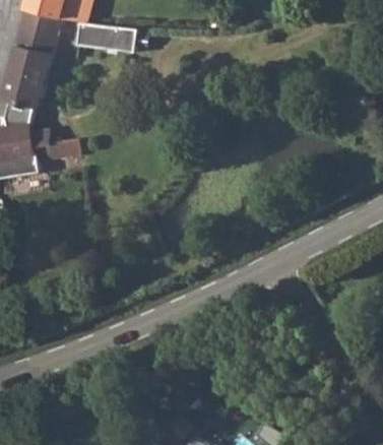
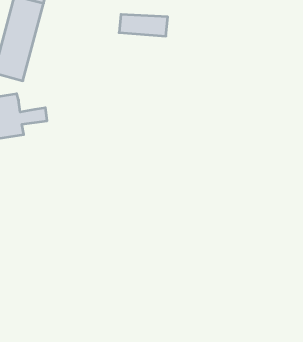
building: [75,22,132,48] -> [119,14,168,36]

